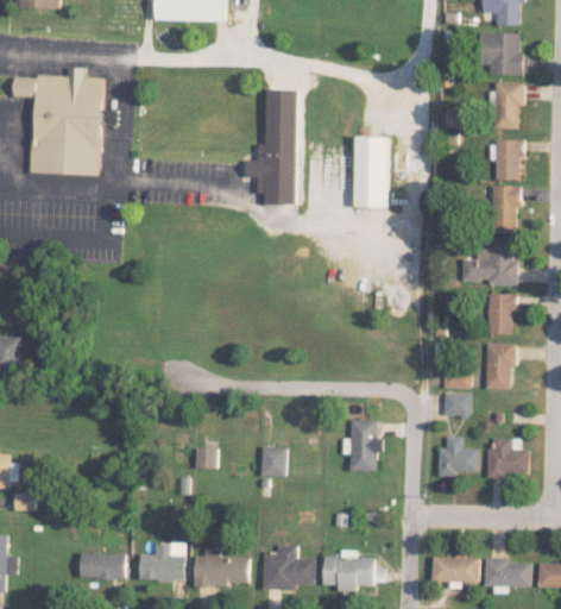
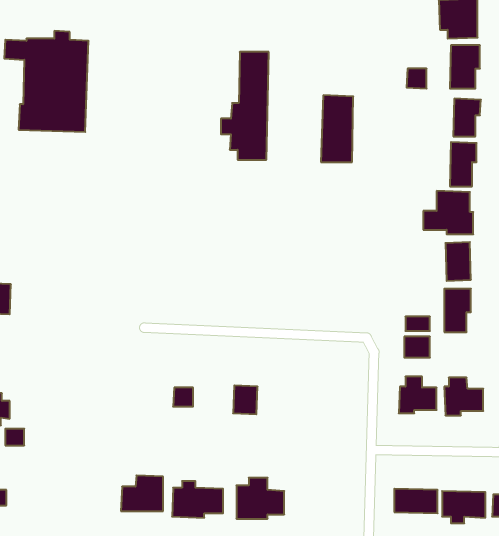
building: [348,420,380,471] -> none
building: [80,553,125,579] -> none
building: [322,557,373,591] -> none

